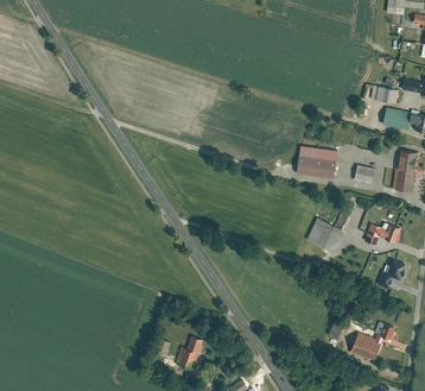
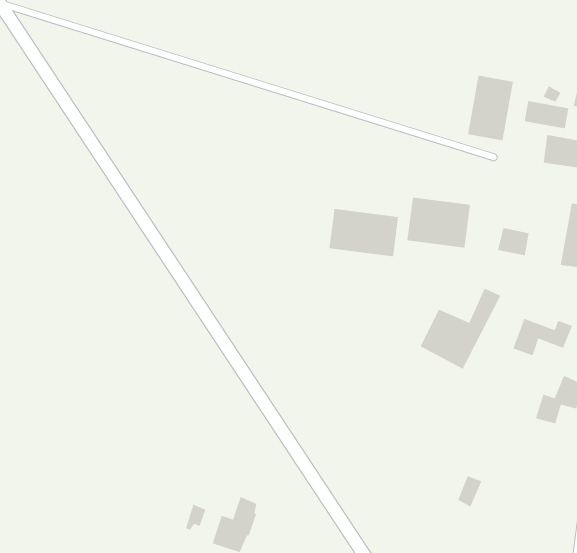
building: none -> [467,75,514,141]
building: none -> [329,208,399,257]
building: [350,320,395,360] -> none

